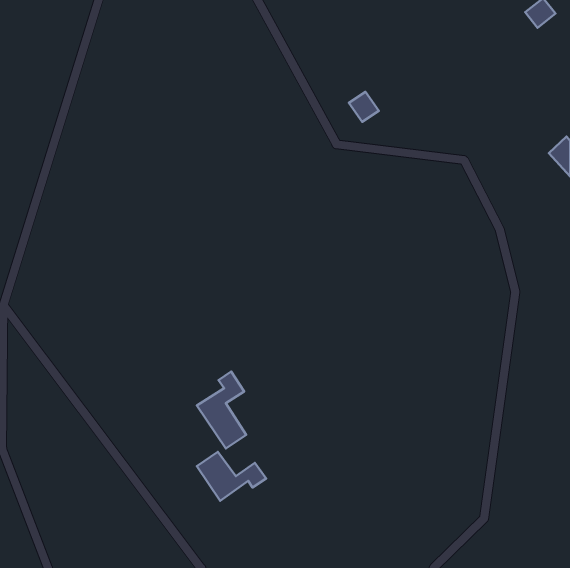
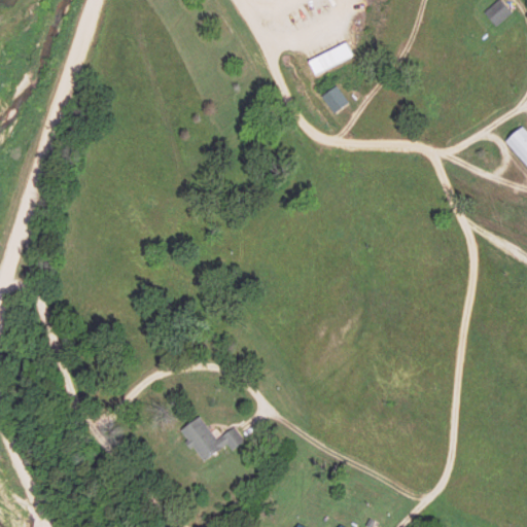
building: none -> [309,43,353,72]
building: [197,371,246,448] -> none

